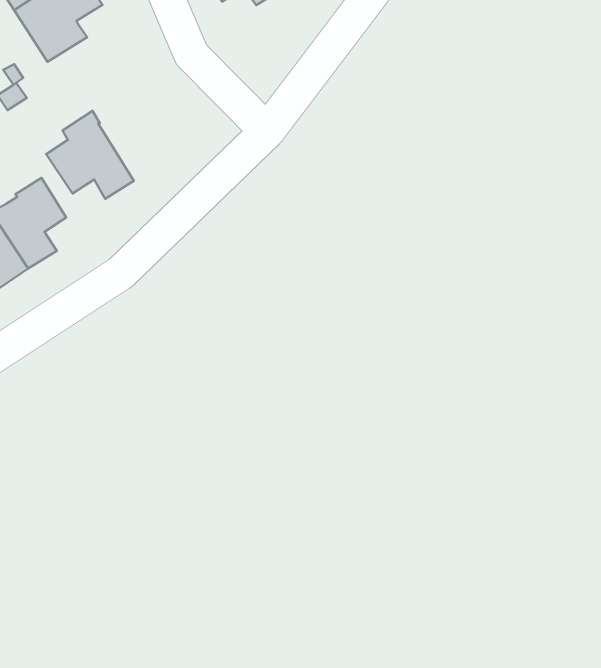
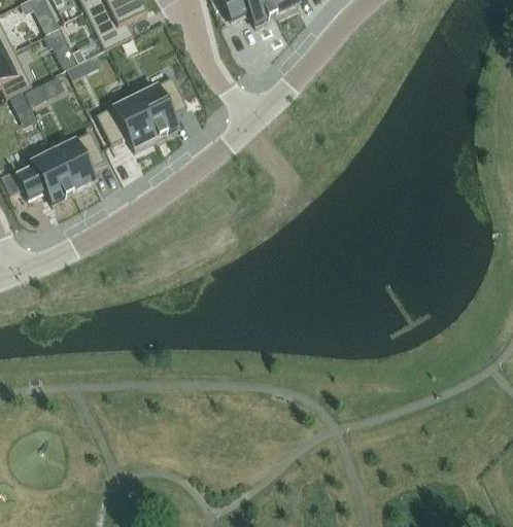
building: none -> [134,74,186,138]

